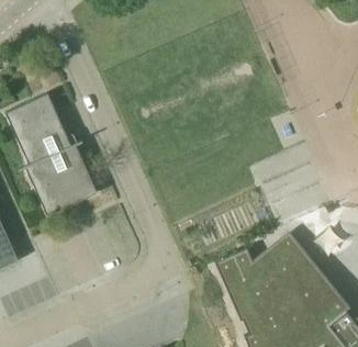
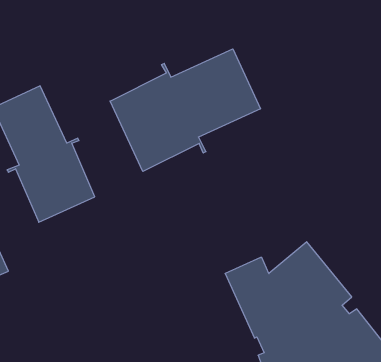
building: none -> [110,49,260,171]

